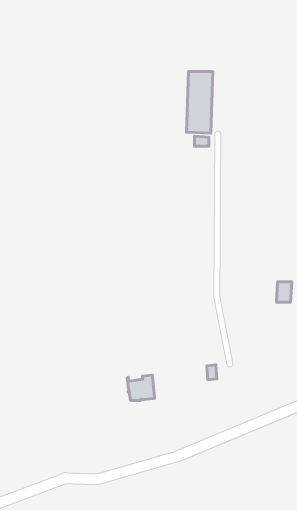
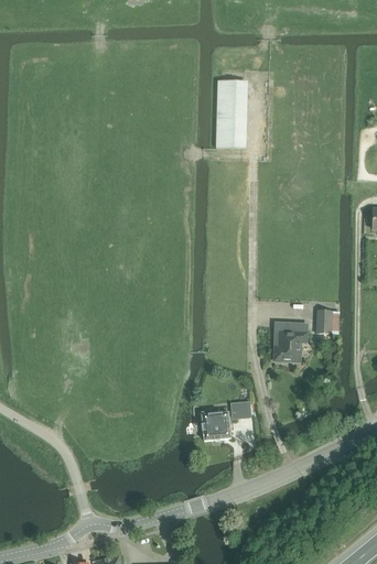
building: none -> [273,329,306,360]
building: [127,375,155,400] -> [201,411,230,438]

